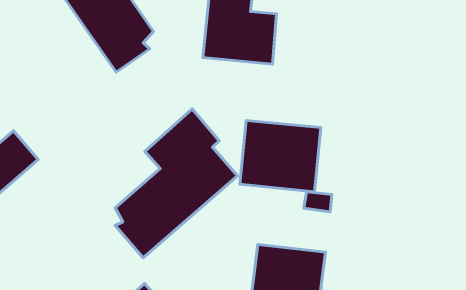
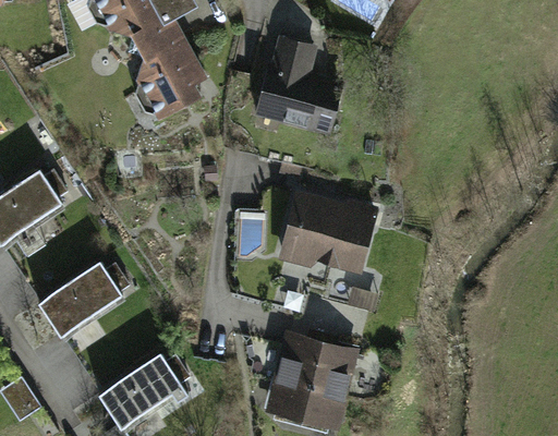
building: [115,109,237,258] -> none
building: none -> [37,261,122,337]

